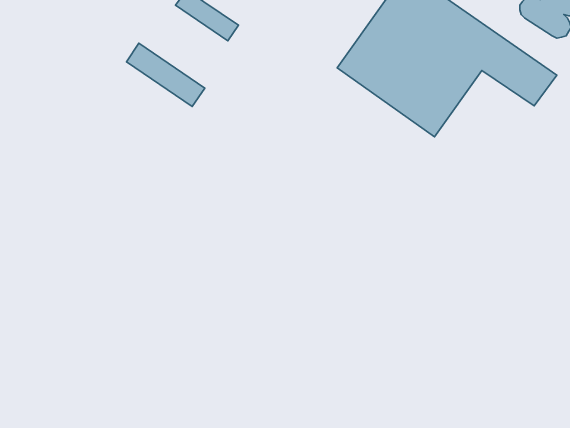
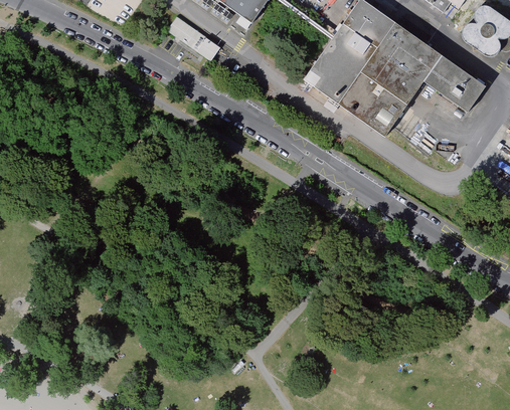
building: [126,43,205,107] -> none

